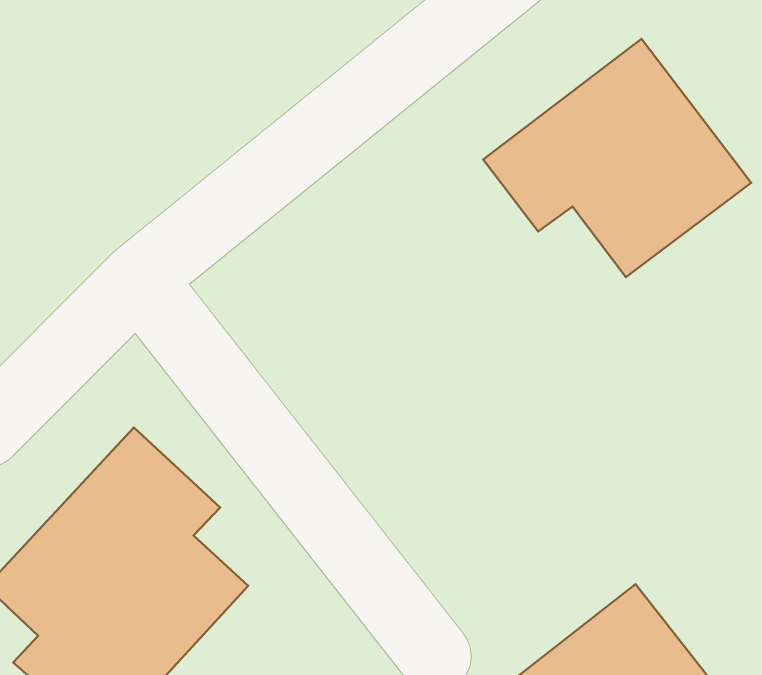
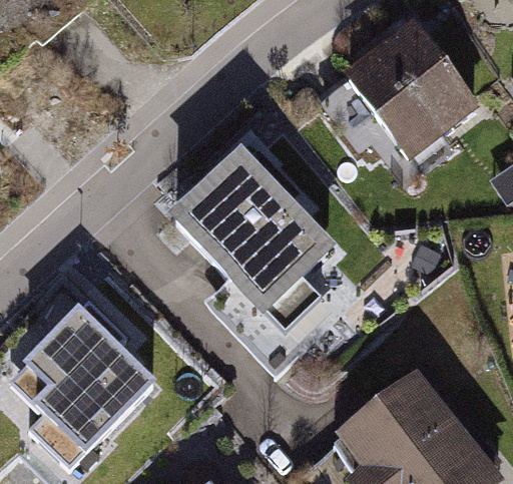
building: none -> [178,168,358,347]

